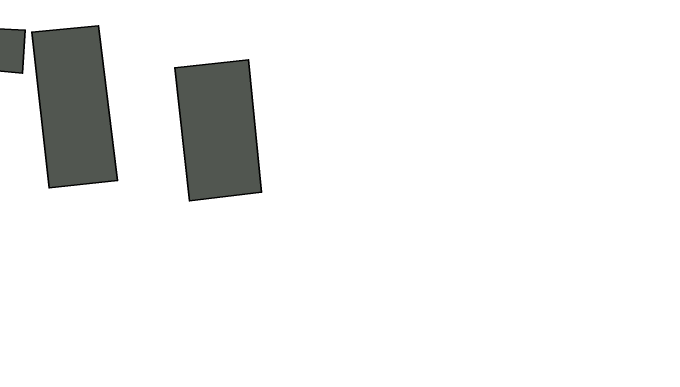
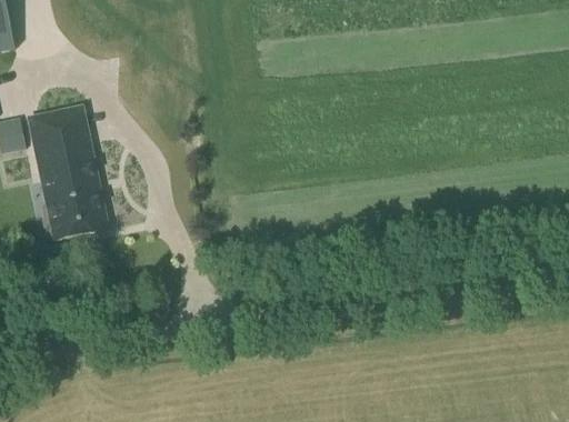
building: [175,60,261,201] -> none

